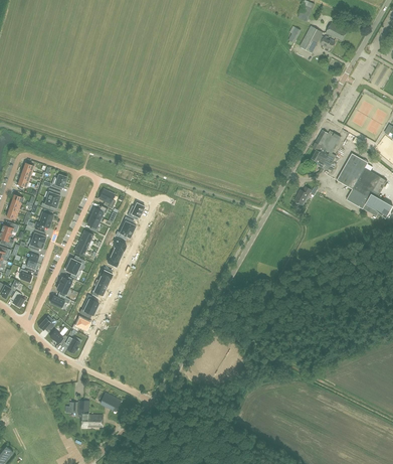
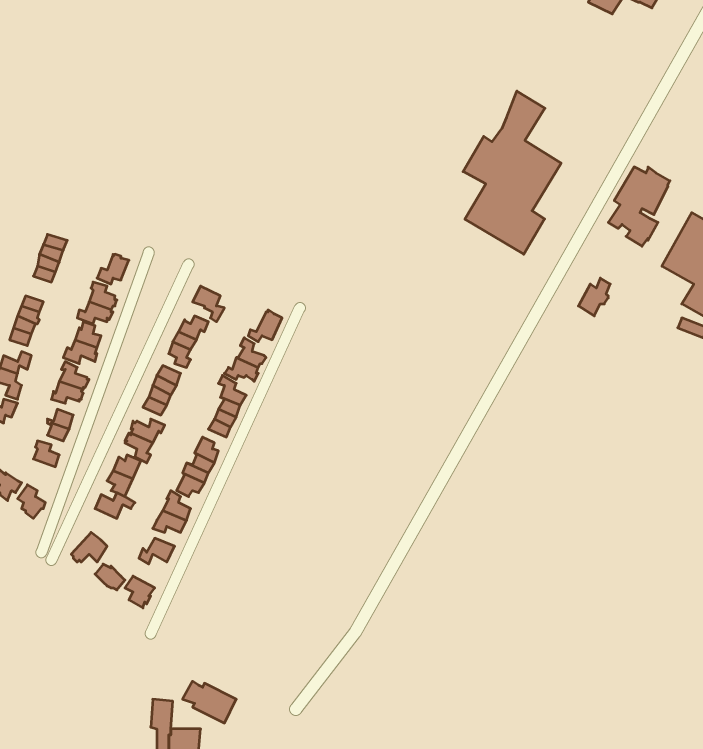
building: none -> [463,91,561,254]

